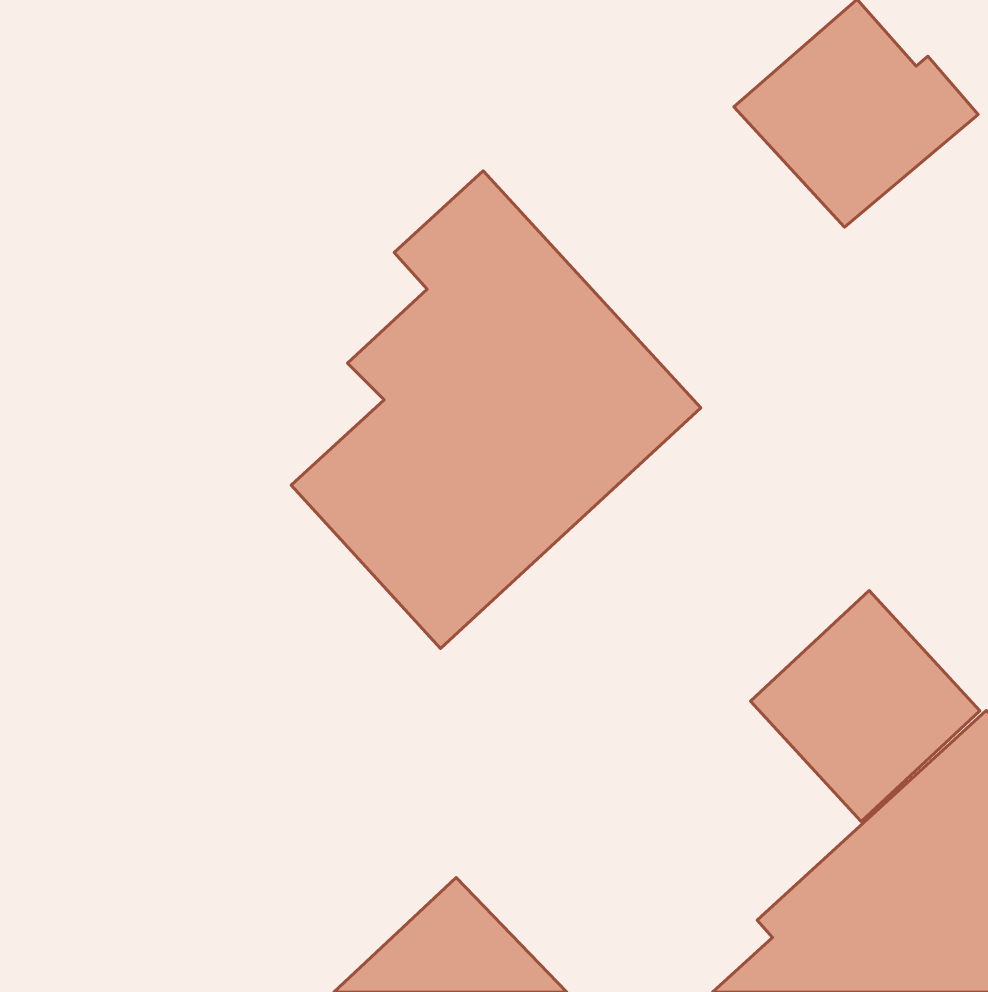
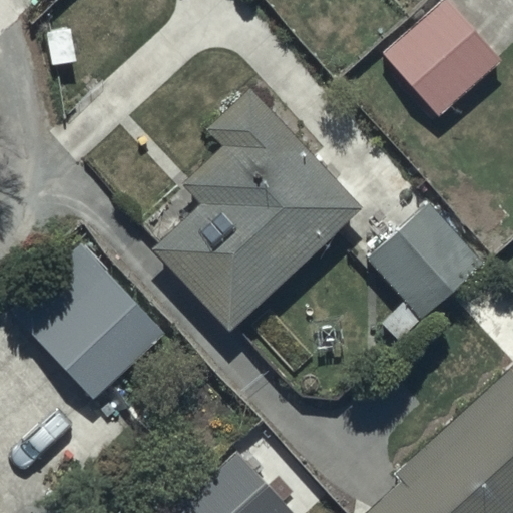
building: none -> [7,243,164,401]
building: [751,591,980,822] -> [368,201,486,321]

